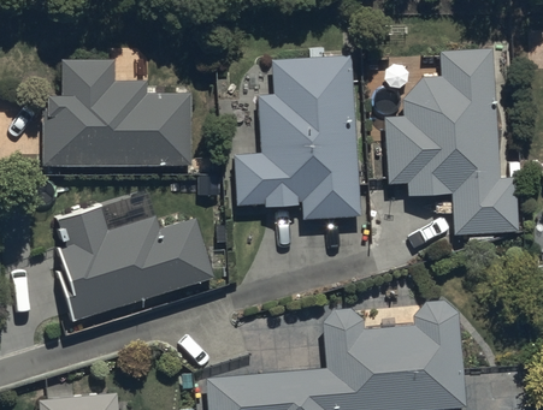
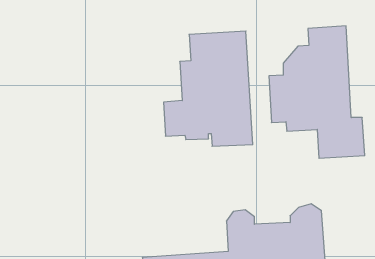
building: [43,60,191,165] -> none
building: [55,207,216,321] -> none

